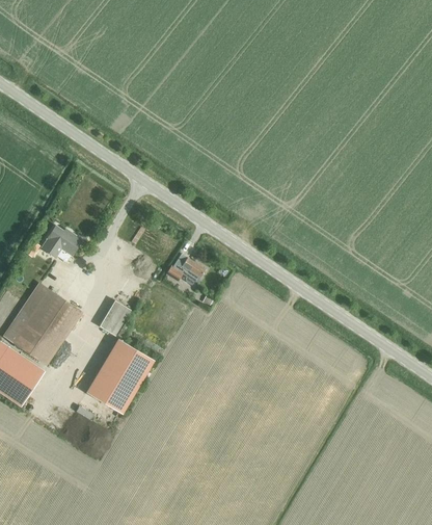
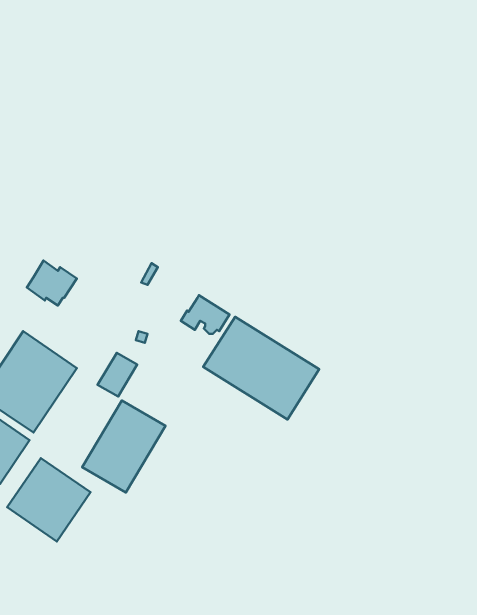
building: none -> [203,317,319,420]
building: none -> [7,458,90,541]

